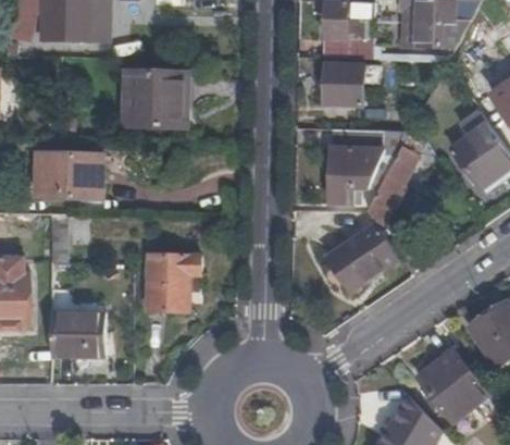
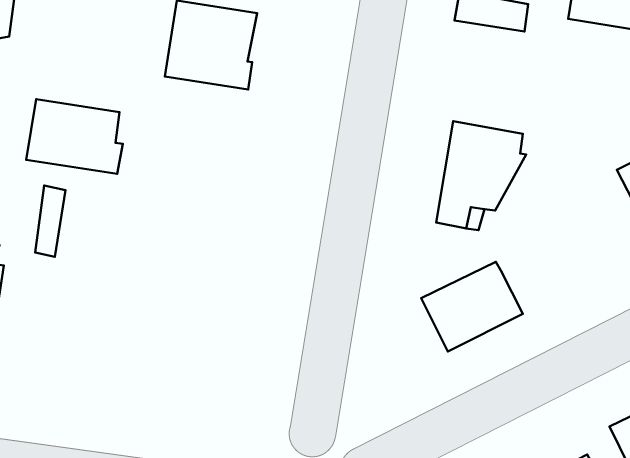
building: [322,64,378,107] -> none
building: [365,146,416,228] -> none
building: [145,254,198,312] -> none
building: [50,312,104,358] -> none

